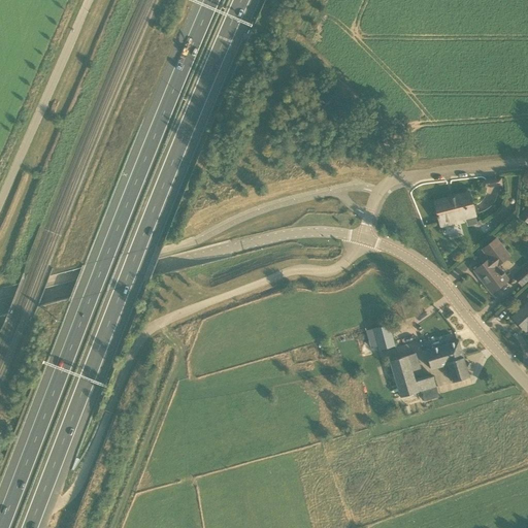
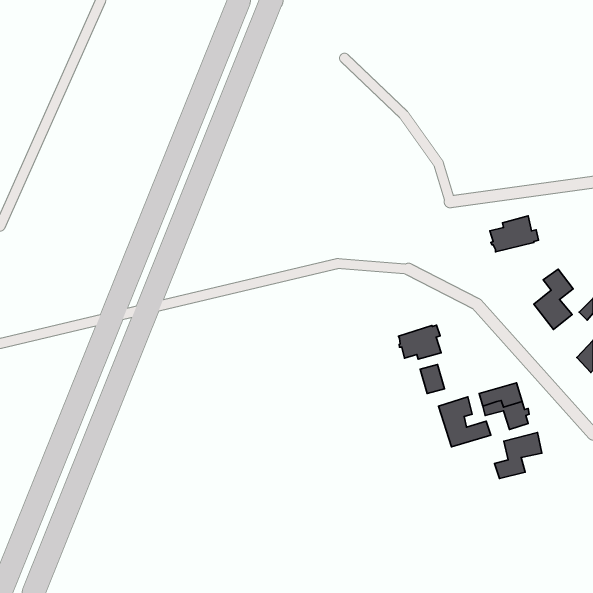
building: none -> [398,325,441,359]
building: none -> [495,433,542,479]

